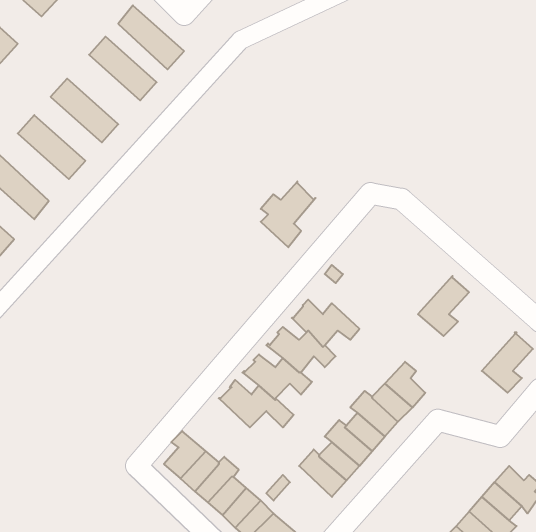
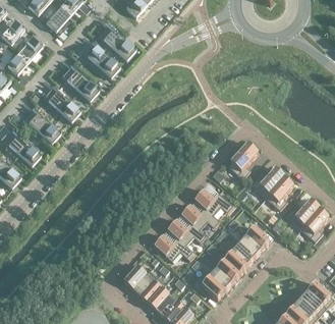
building: [261,181,316,247] -> [227,142,258,178]
building: none -> [250,166,284,197]
building: none -> [286,198,319,228]

